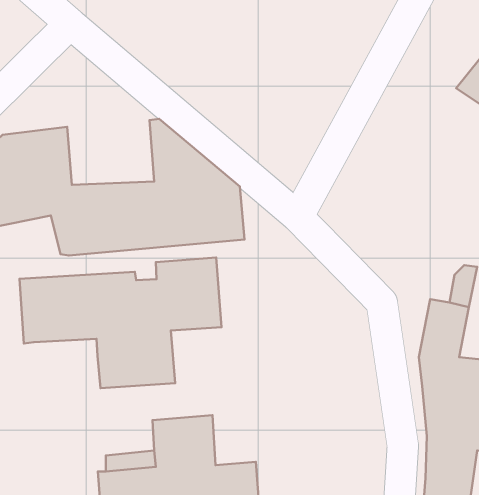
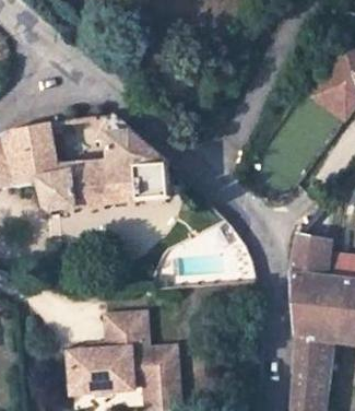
building: [20,257,221,388] -> none

